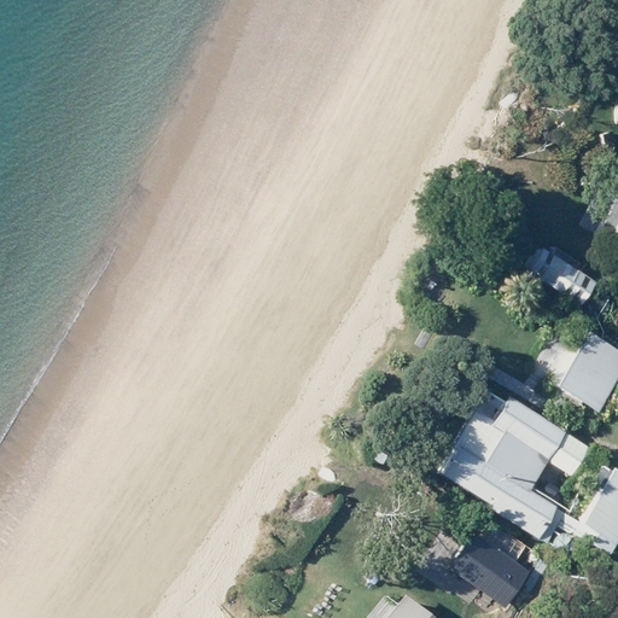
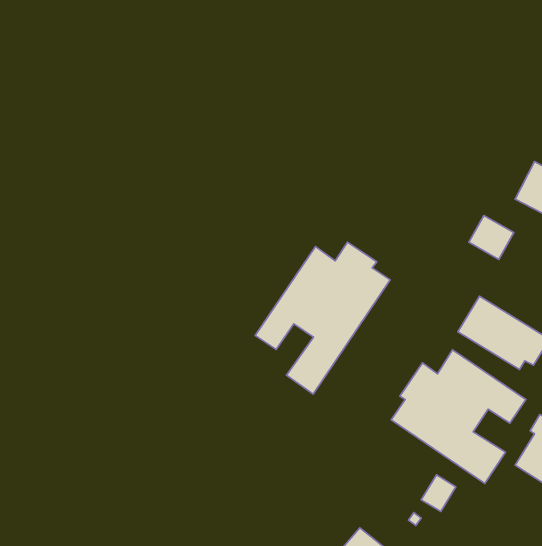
building: none -> [255,242,390,394]

